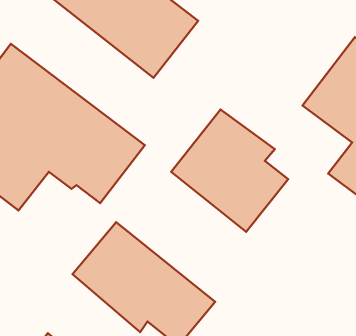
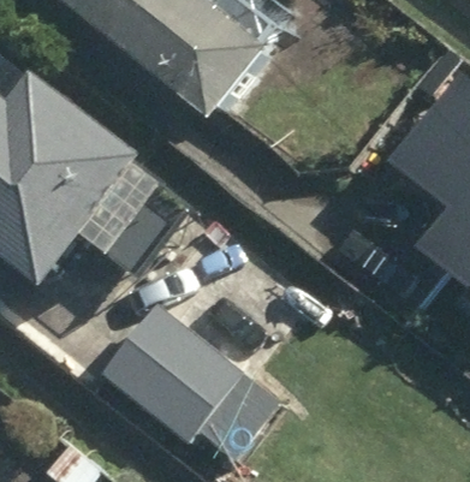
building: [171,110,288,232] -> none

